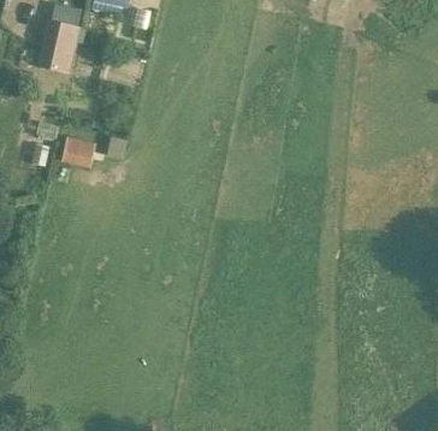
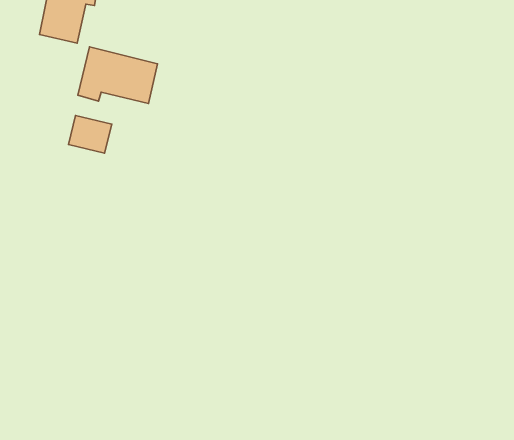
building: none -> [78,47,157,103]

